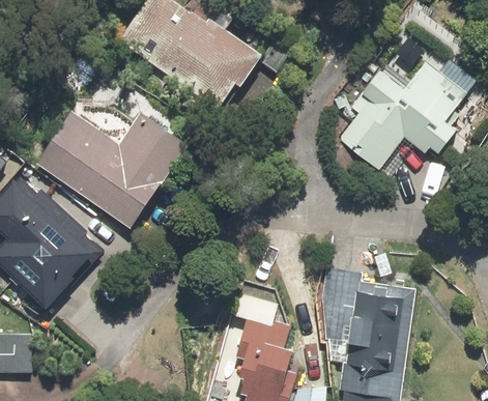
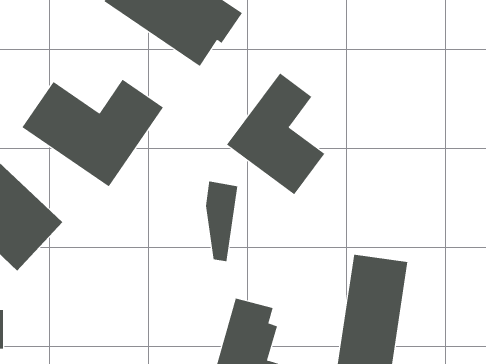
building: [343,66,463,167] -> none
building: none -> [226,73,325,195]
building: [328,269,360,346] -> [205,181,238,262]

